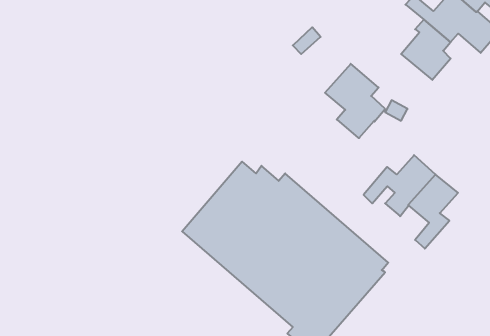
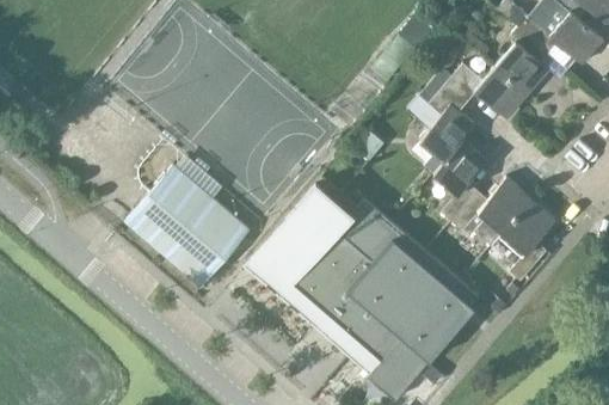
building: none -> [436,63,527,119]
building: none -> [432,140,486,222]
building: none -> [125,166,250,288]

